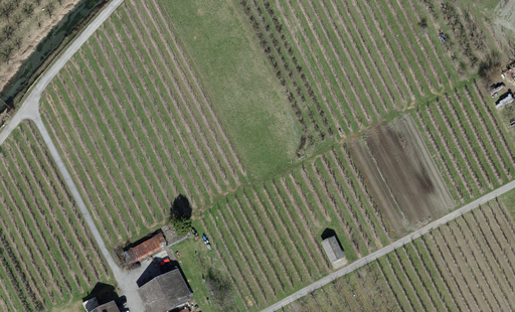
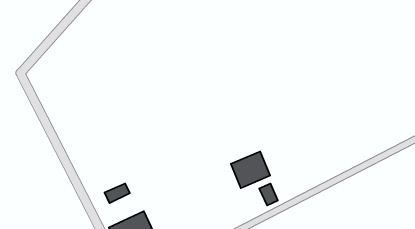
building: none -> [231,152,270,188]

